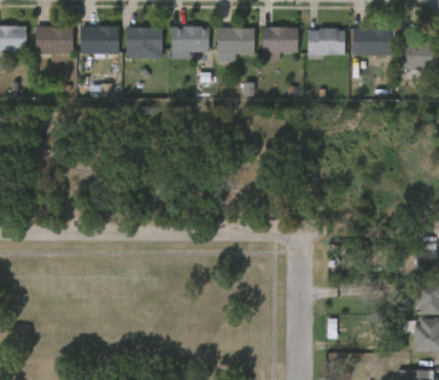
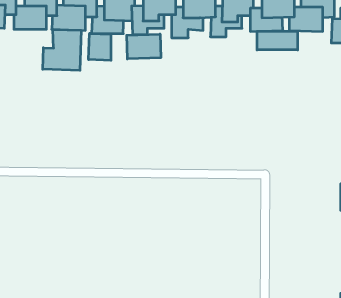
building: none -> [43,29,81,70]
building: none -> [257,31,298,50]
building: none -> [89,33,111,60]
building: none -> [127,34,161,59]

